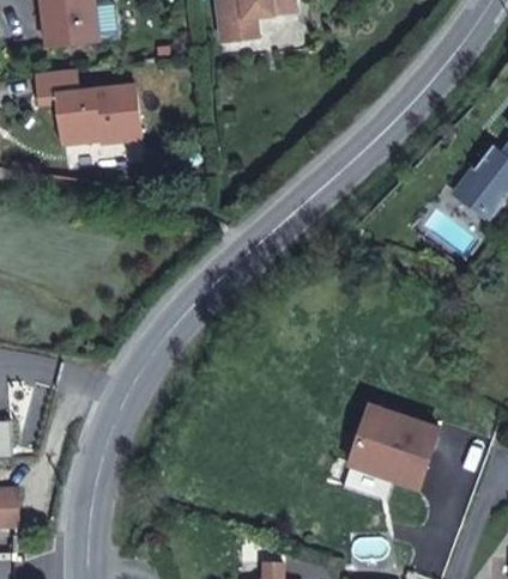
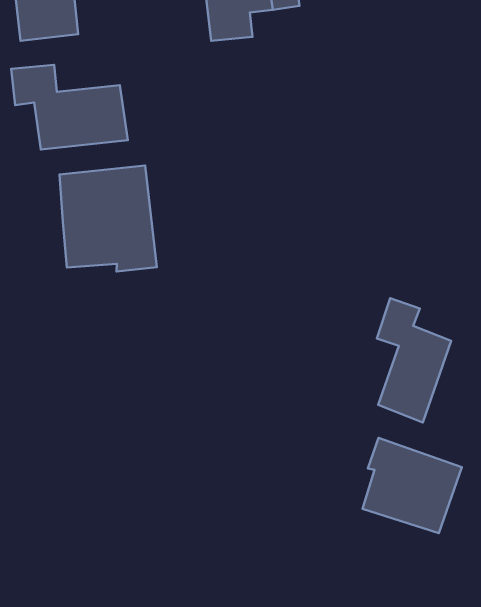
building: none -> [60,165,157,272]
building: none -> [377,298,451,423]

